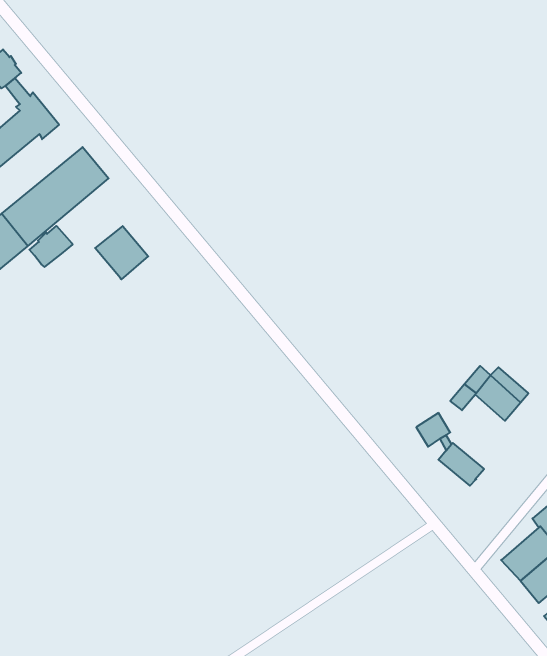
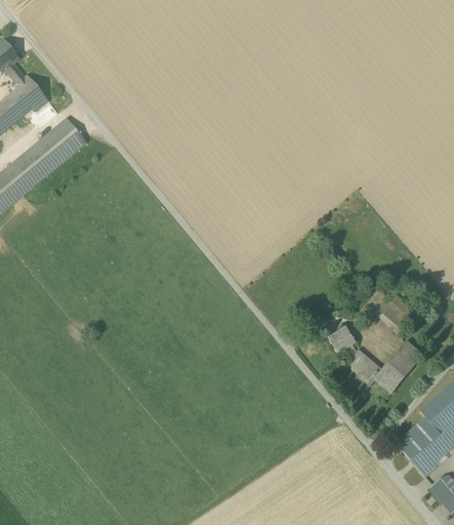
building: [29,226,73,267] -> none
building: [95,226,148,279] -> none
building: none -> [375,341,422,392]

